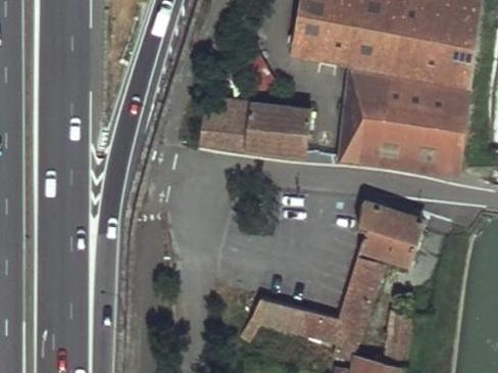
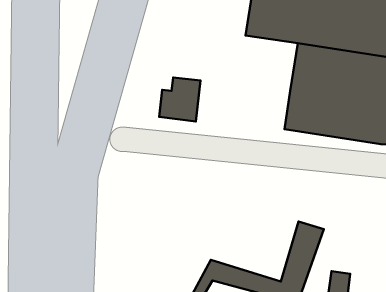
building: [242,103,310,155] -> none
building: [355,199,421,263] -> none

